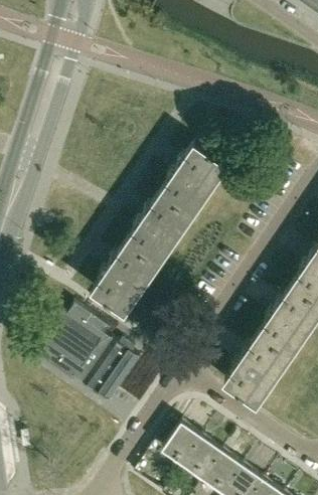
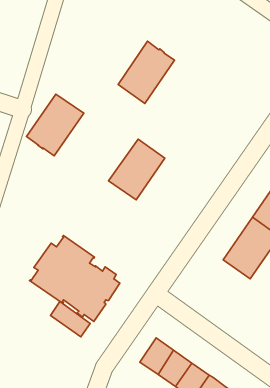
building: [161,144,226,216] -> [118,41,174,104]
building: [93,242,159,314] -> [26,94,84,156]
building: [225,334,291,405] -> none
building: none -> [50,301,90,337]

